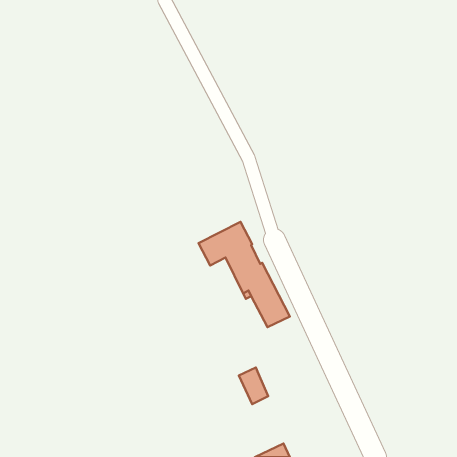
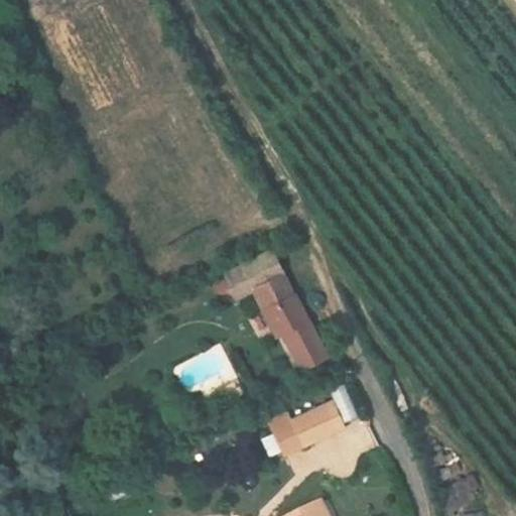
building: none -> [291,402,344,446]

